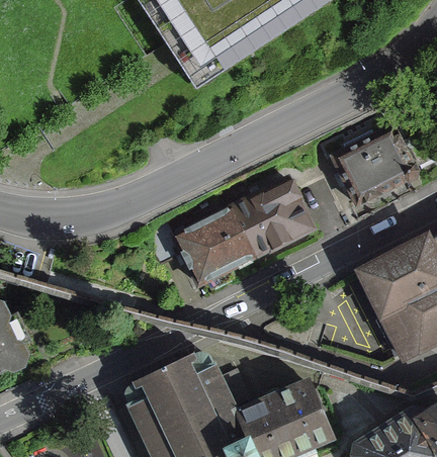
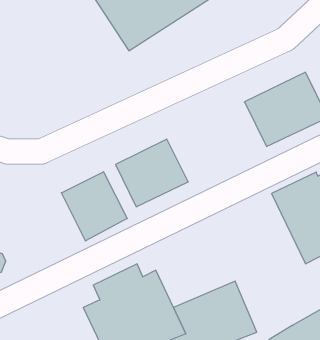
building: [232,172,318,254] -> none
building: none -> [61,172,127,241]

